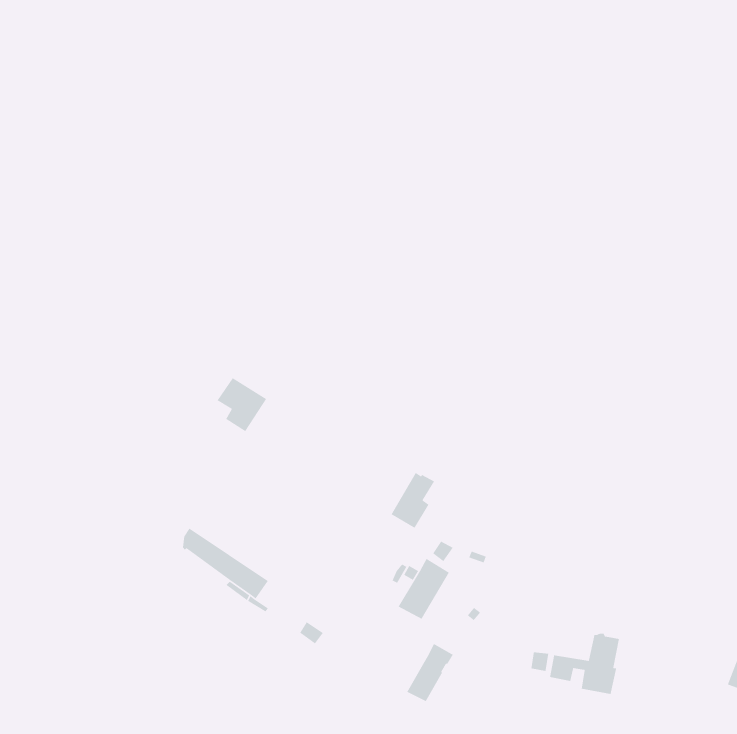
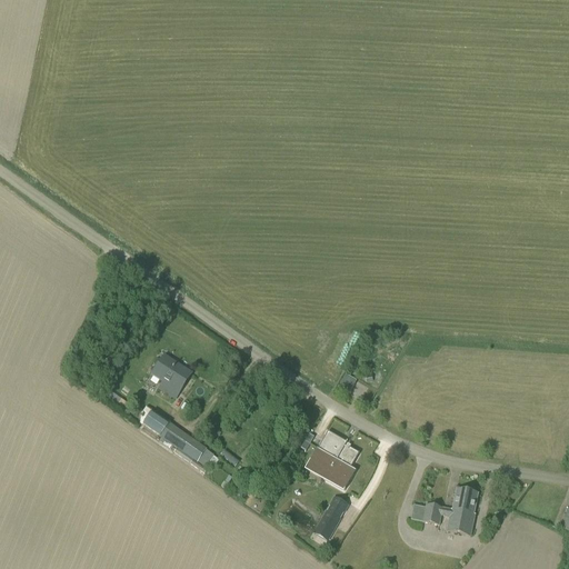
building: [217,377,267,432] -> [153,355,192,397]
building: [390,465,435,529] -> [326,439,360,488]

